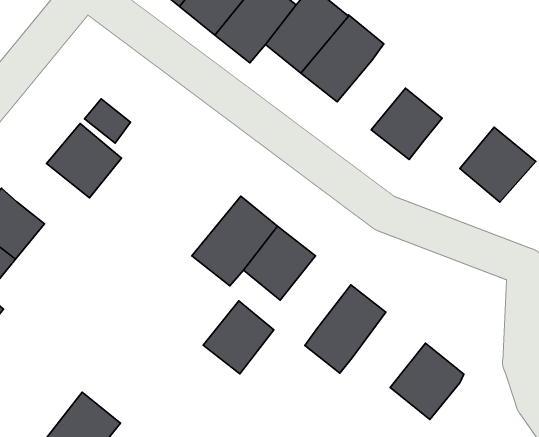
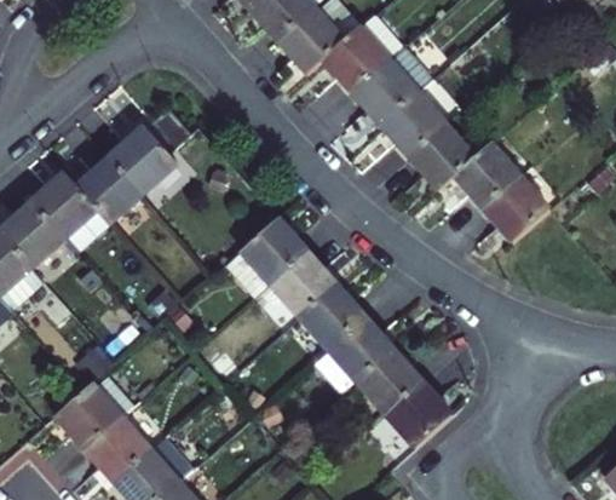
building: none -> [379,110,443,173]
building: none -> [453,157,518,222]
building: none -> [73,156,139,224]
building: [203,301,274,374] -> [298,280,364,346]
building: none -> [355,341,424,410]

